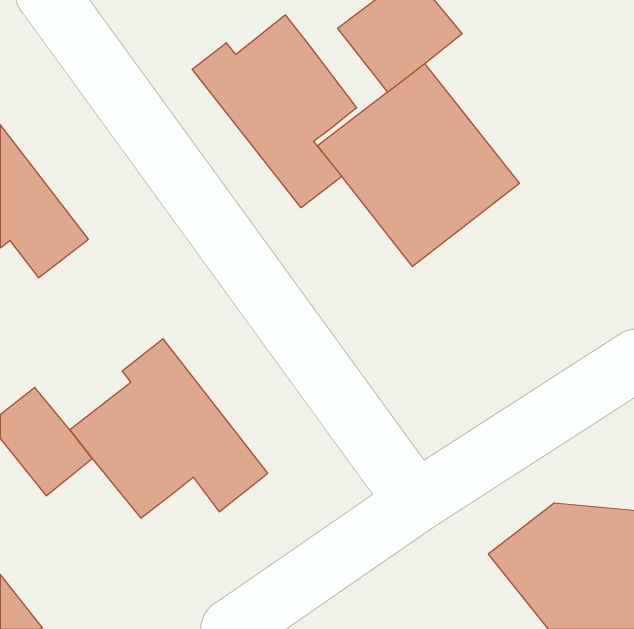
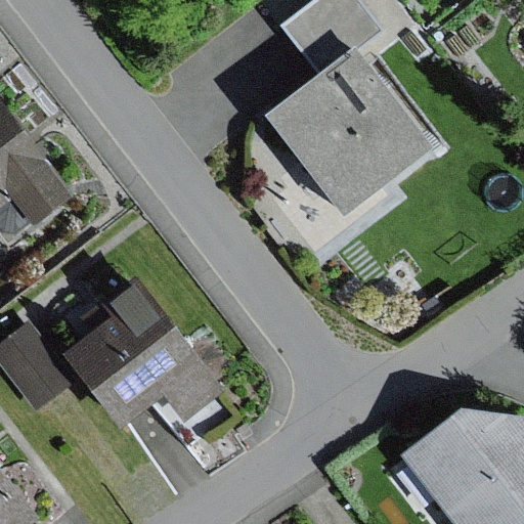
building: [192,15,357,208] -> none

